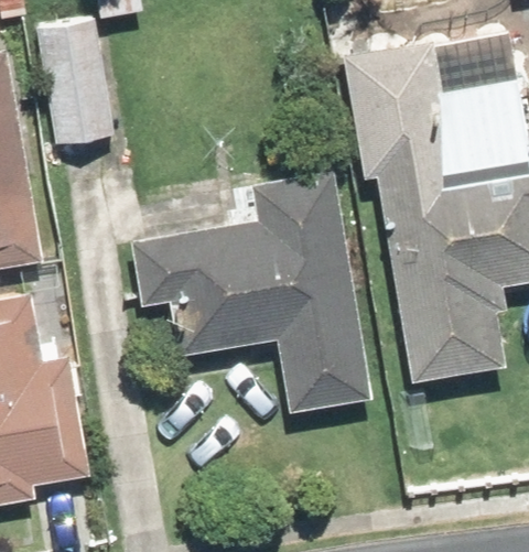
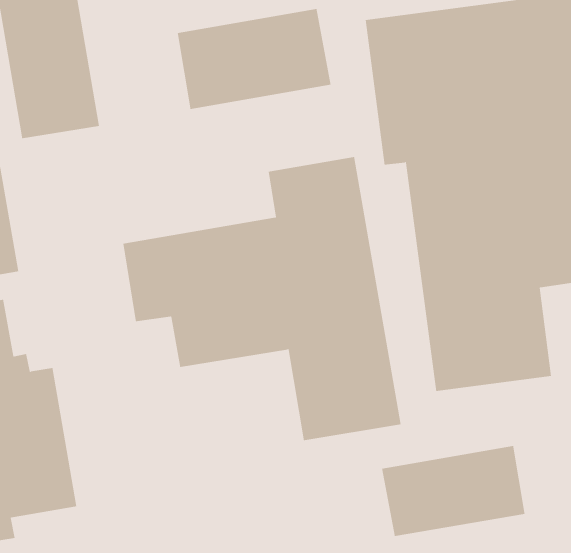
building: none -> [177,8,331,110]
building: none -> [382,445,525,537]

